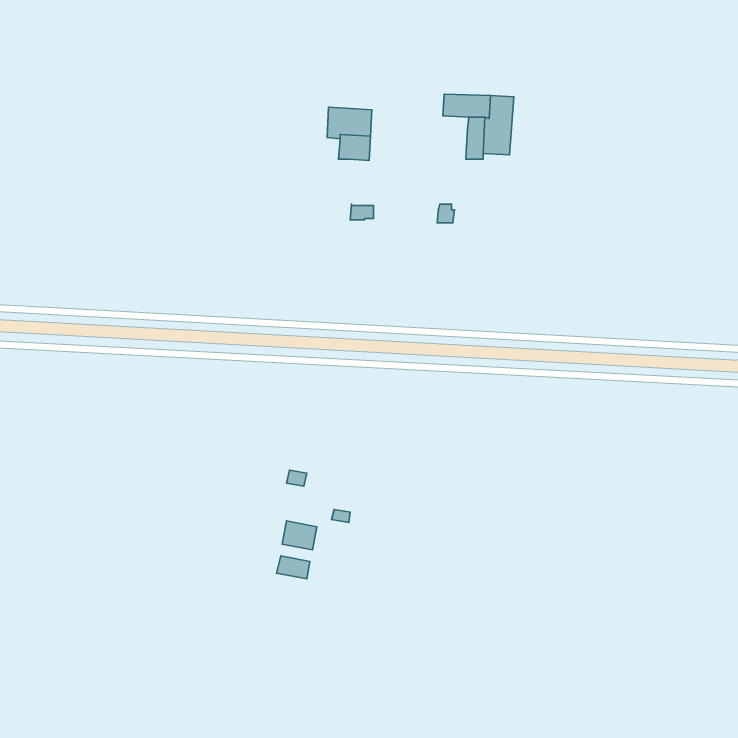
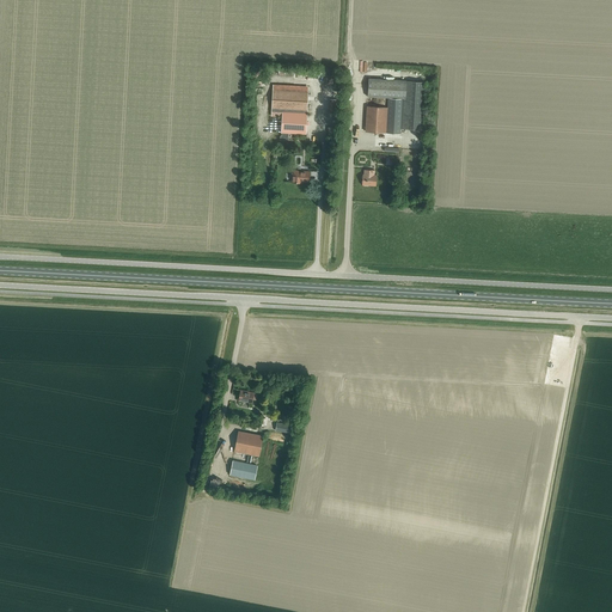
building: none -> [365,105,386,131]

